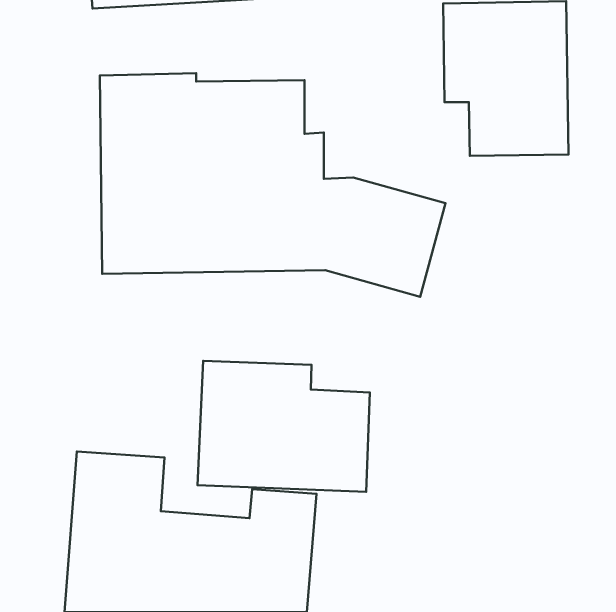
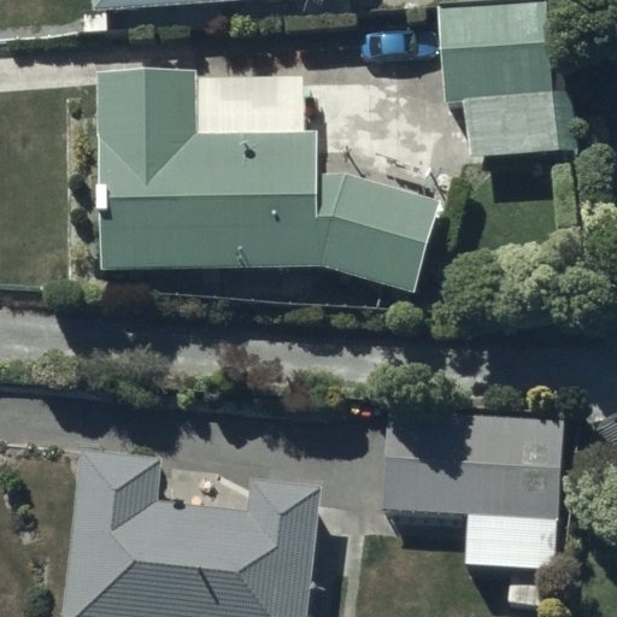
building: [197,361,370,492] -> none
building: none -> [382,411,564,569]

